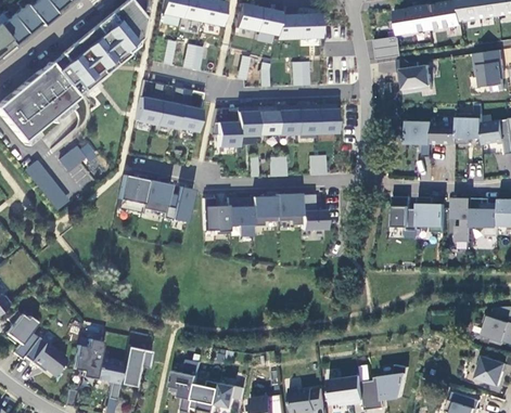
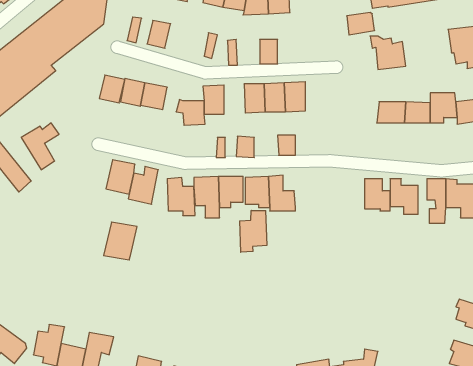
building: [257,105,278,134] -> none
building: [116,175,149,211] -> [104,222,137,260]
building: none -> [240,210,267,252]

